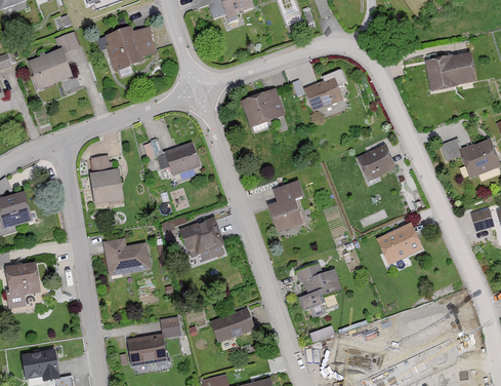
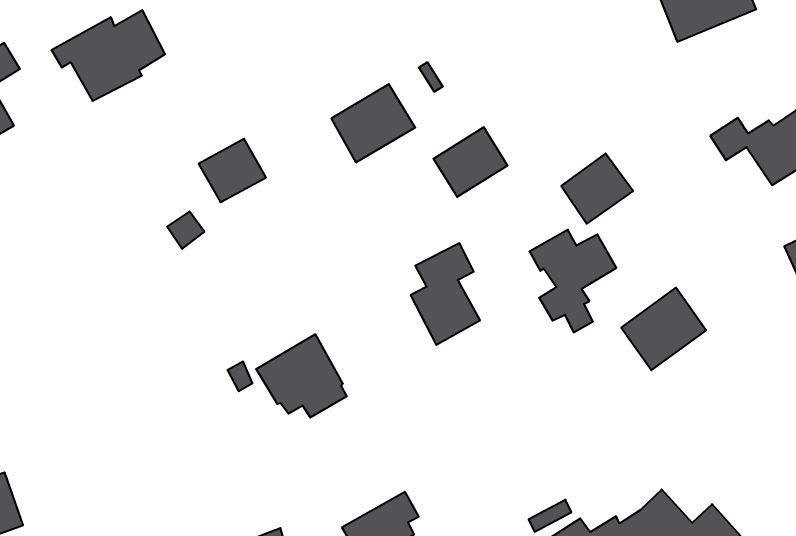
building: [304,76,343,111] -> [433,127,508,197]
building: [165,143,200,175] -> [199,139,266,202]
building: [89,154,122,203] -> none
building: [102,237,151,275] -> none
building: [297,263,342,318] -> [529,230,616,332]

